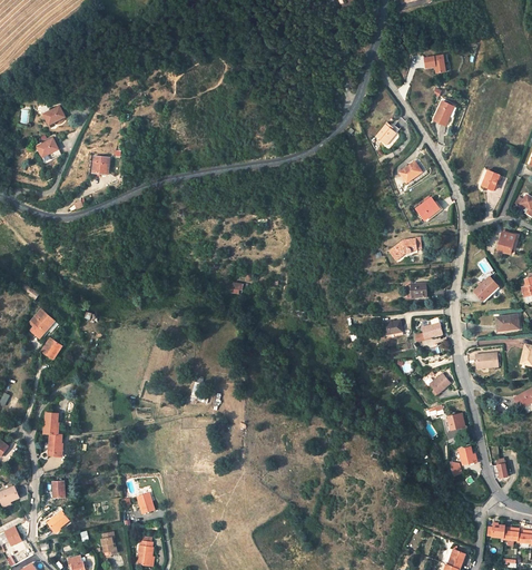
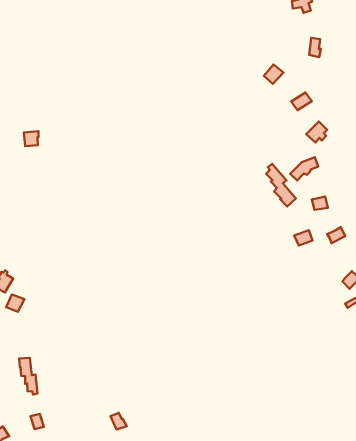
building: none -> [266,164,296,207]

